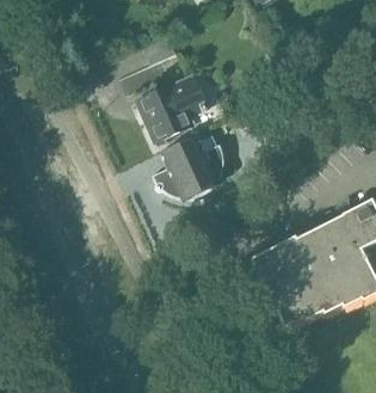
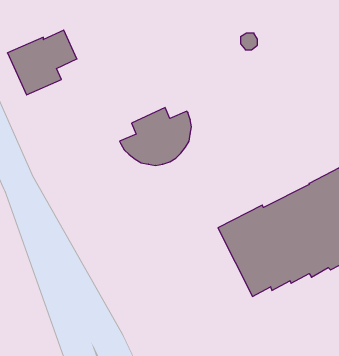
building: [138,74,208,139] -> [7,30,77,95]

